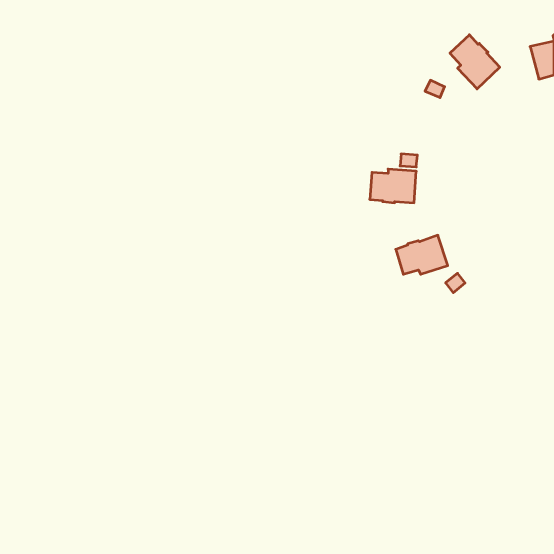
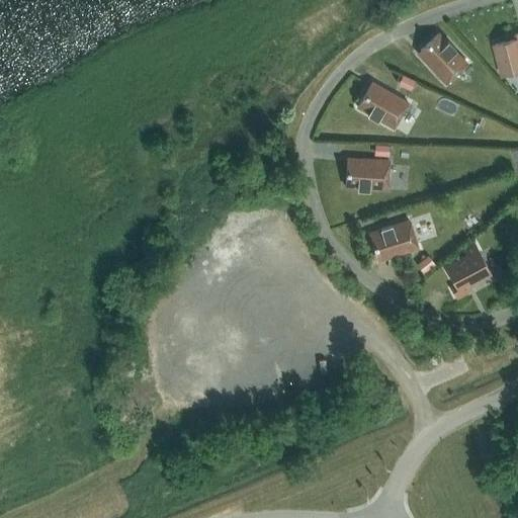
building: none -> [357,85,408,127]
building: none -> [445,243,490,297]

